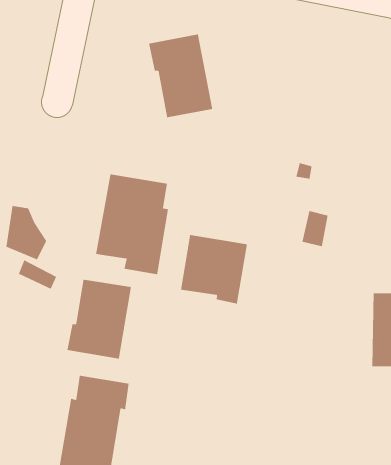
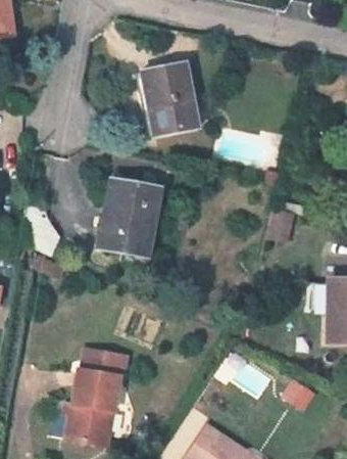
building: [180,234,248,304] -> none
building: [66,279,132,360] -> none

